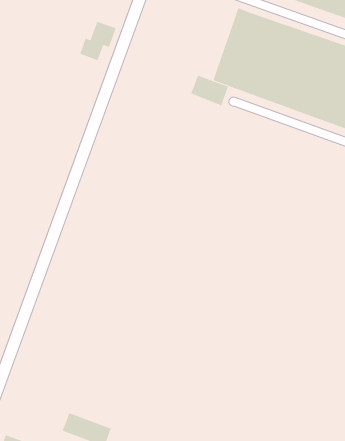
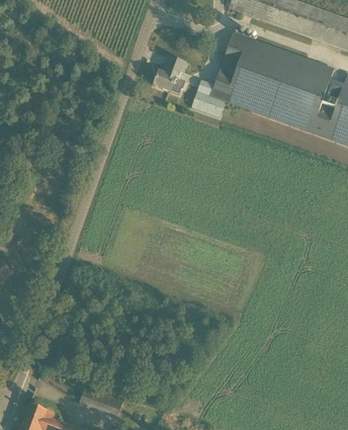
building: [79,21,116,61] -> [154,56,186,90]

